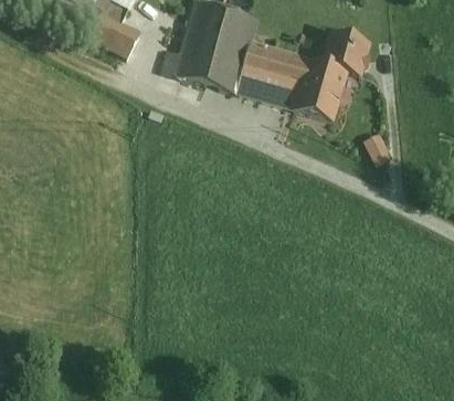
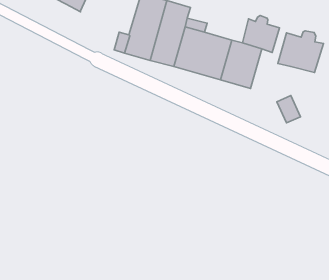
building: [87,12,138,55] -> none
building: none -> [278,31,324,73]

